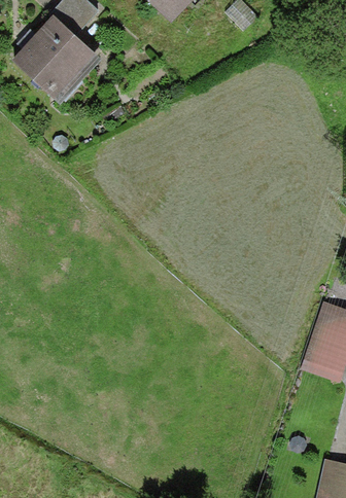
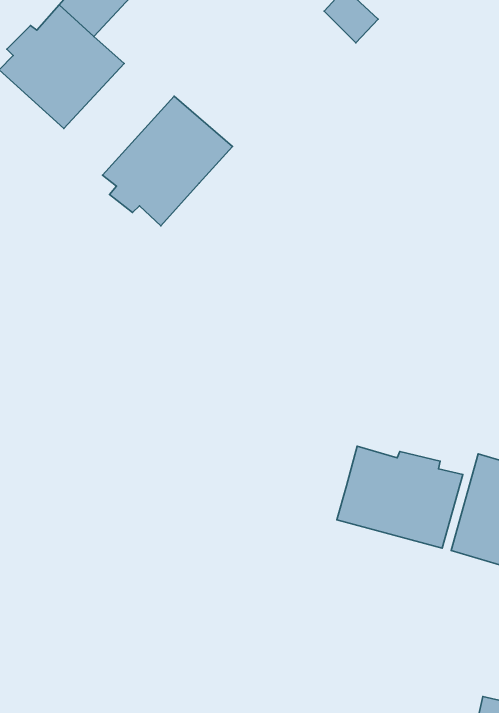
building: none -> [103,96,232,226]
building: none -> [337,446,463,548]

